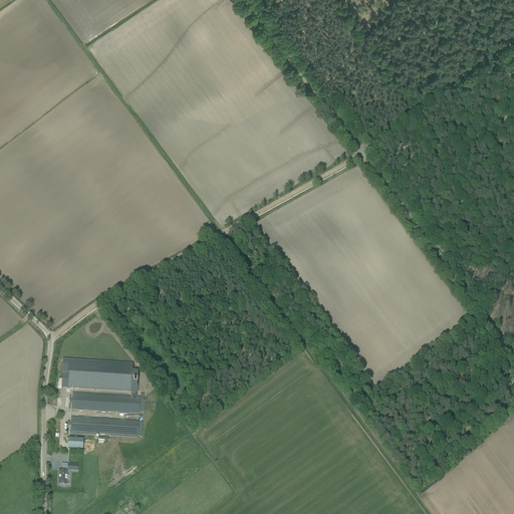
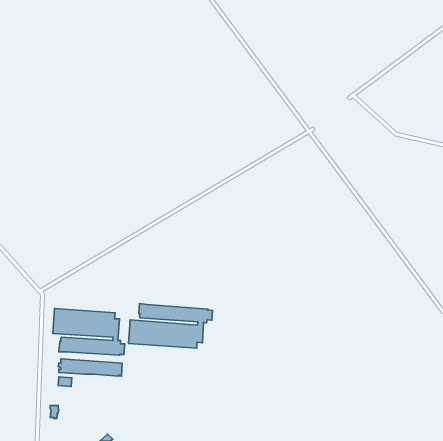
building: none -> [128,304,212,348]

